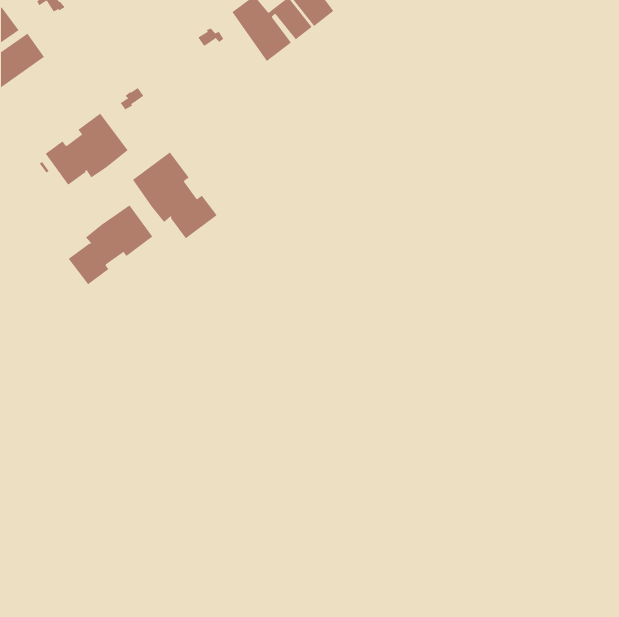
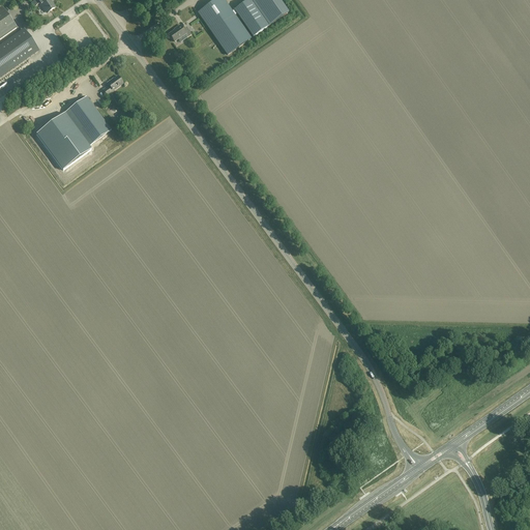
building: [132,152,217,239] -> none
building: [68,205,153,285] -> none

